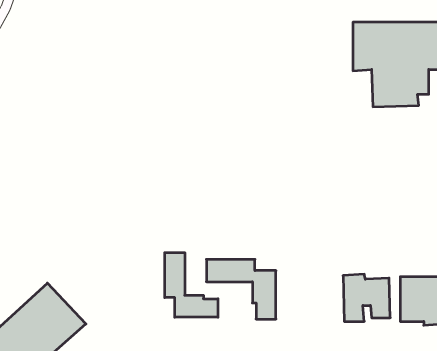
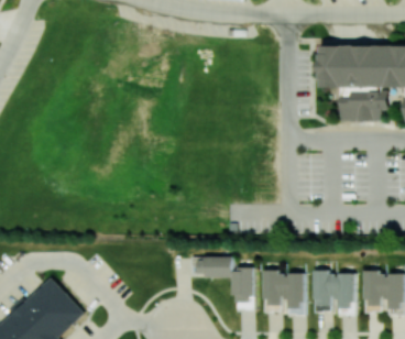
building: [165,253,218,317] -> none
building: none -> [263,270,305,315]

